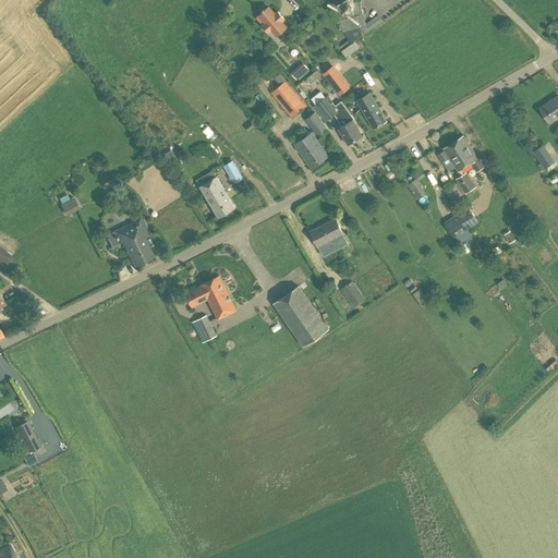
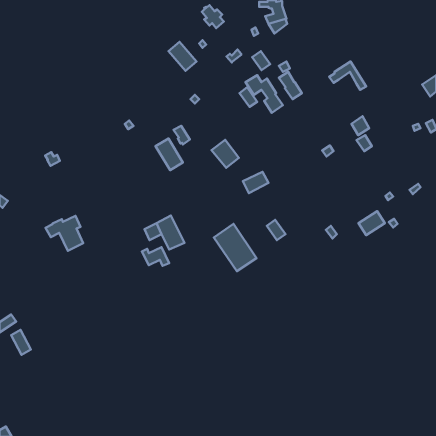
building: [269,82,305,119] -> [168,42,197,71]
building: [293,134,328,170] -> [212,140,239,168]
building: [436,136,483,172] -> [329,62,366,90]
building: [444,208,477,239] -> [358,211,385,235]
building: [105,221,153,266] -> [46,216,83,251]

